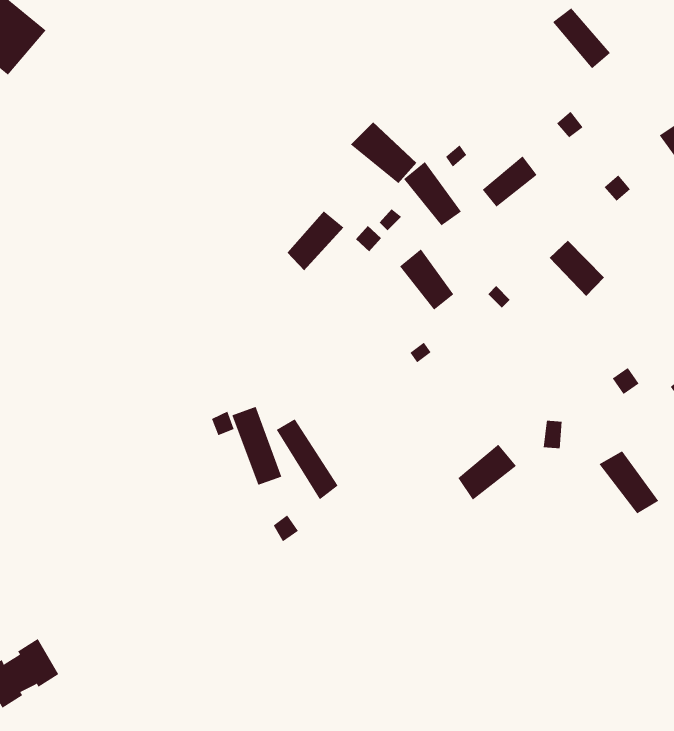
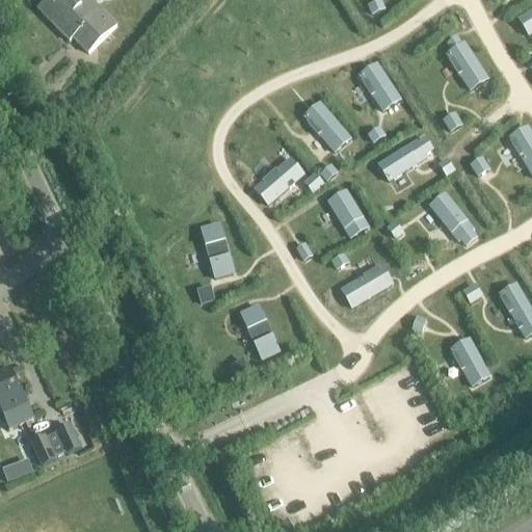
building: [403,161,462,226] -> [361,62,397,106]
building: [232,406,282,486] -> [203,223,232,275]
building: [458,444,517,501] -> [345,267,384,302]

